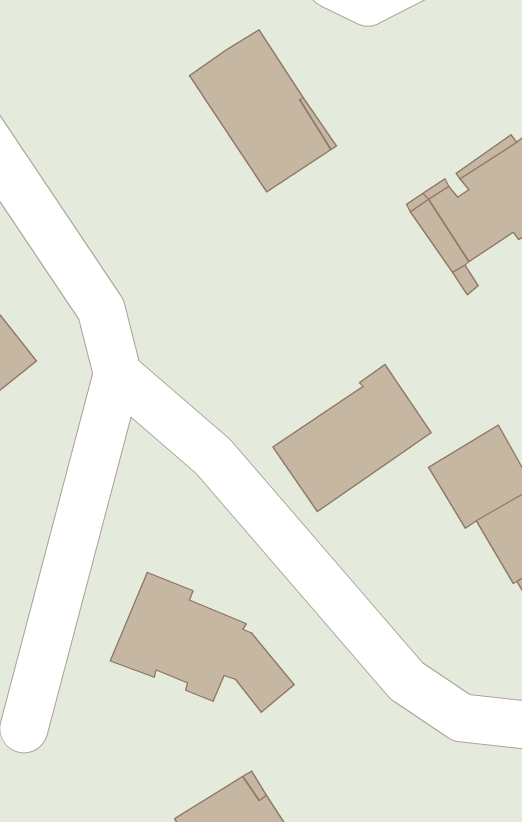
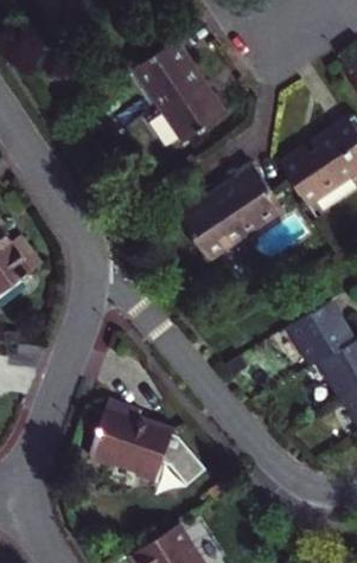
building: [273,364,431,512] -> [181,168,283,263]

